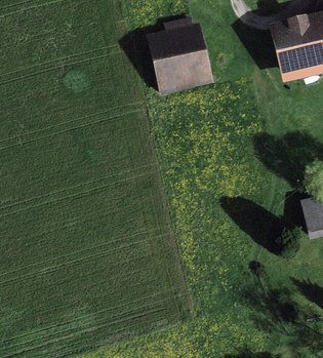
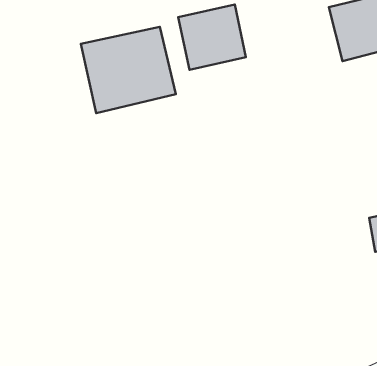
building: none -> [81,27,176,113]

